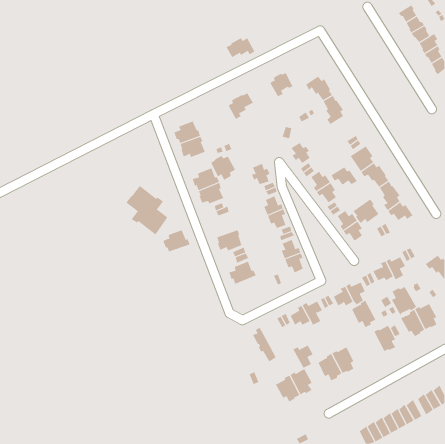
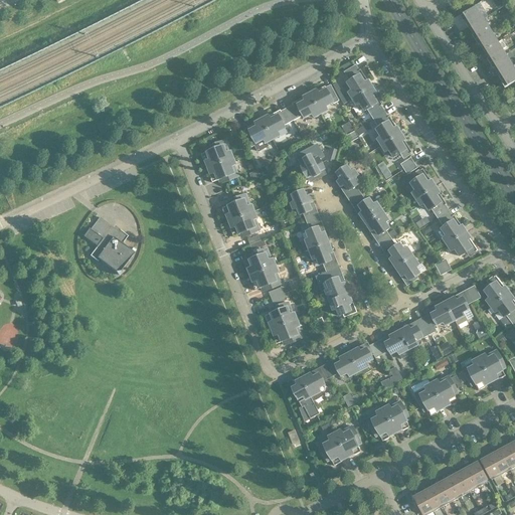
building: [226,38,255,58] -> [286,96,320,119]
building: none -> [343,63,367,98]
building: none -> [300,143,324,177]
building: [211,155,236,180] -> [242,121,272,150]
building: [331,166,358,186] -> [380,134,411,156]
building: [125,185,168,236] -> [82,215,132,274]
building: [353,198,380,224] -> none
building: [162,230,190,252] -> [242,247,275,274]
building: none -> [483,274,505,305]
building: none -> [271,318,301,343]
building: [391,286,417,315] -> none
building: [351,300,376,328] -> [413,382,443,414]
building: [293,345,314,368] -> [300,372,324,399]

